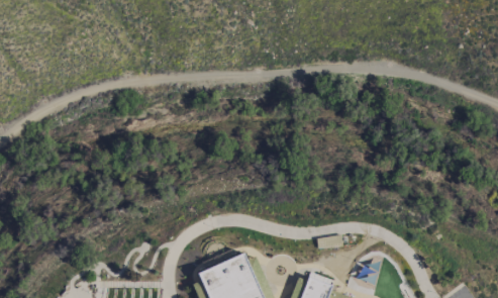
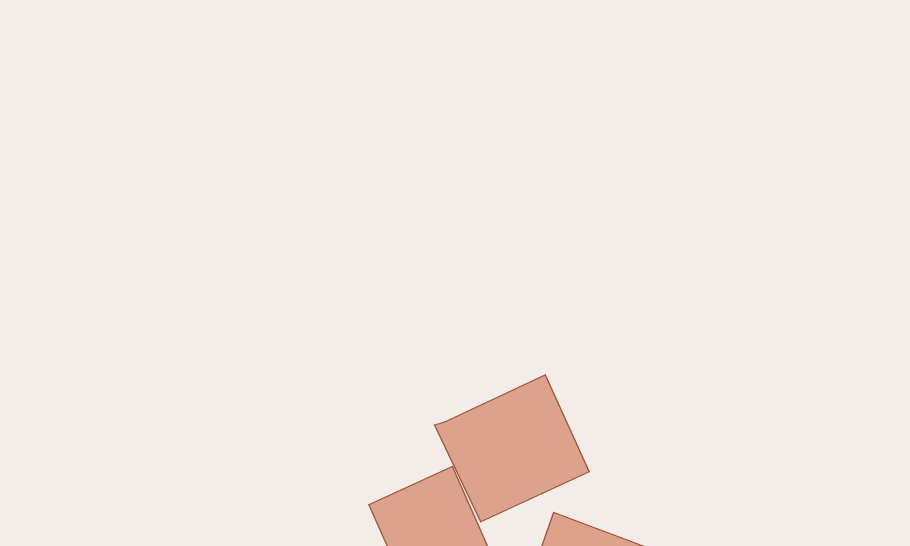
building: none -> [434,375,589,522]

